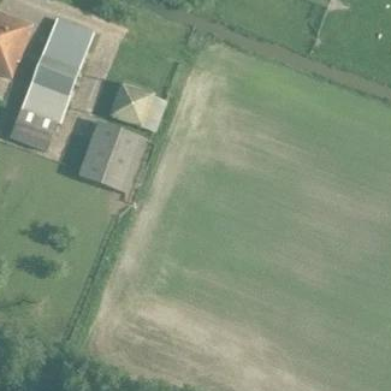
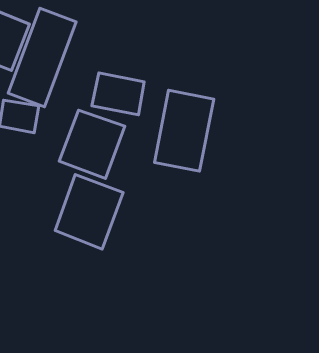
building: none -> [155,90,214,171]
building: none -> [55,174,123,249]

